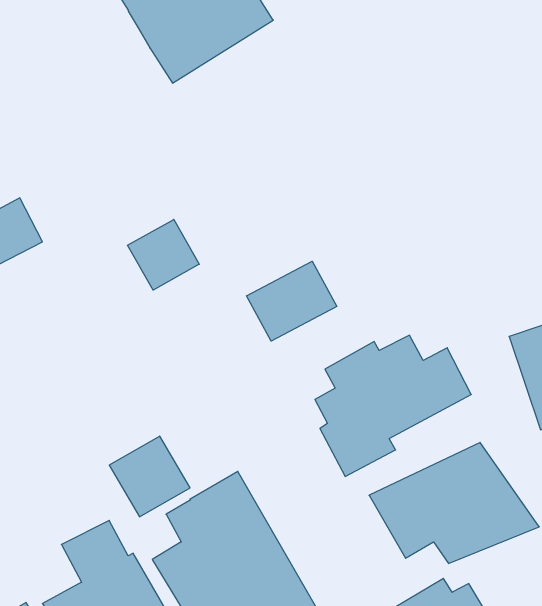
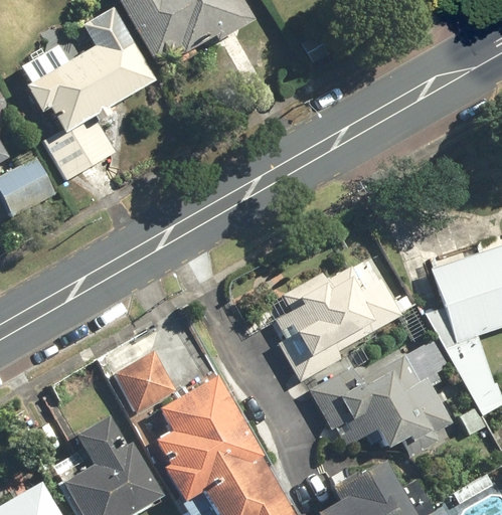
building: none -> [30,11,155,182]
building: [127,219,199,290] -> none
building: [247,261,337,341] -> none

